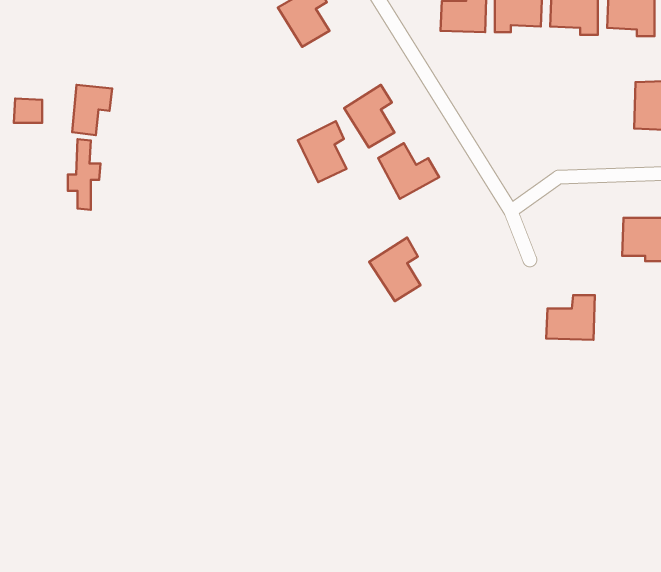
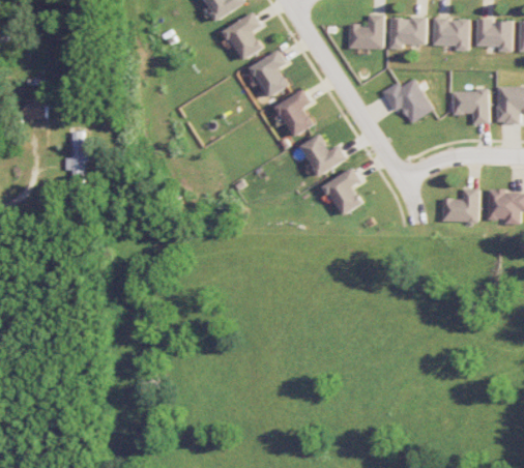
building: none -> [381,79,433,123]
building: [72,85,112,135] -> none
building: none -> [452,90,488,124]
building: [298,121,347,182] -> [251,51,288,97]
building: [369,238,421,301] -> [323,167,362,215]
building: [546,295,595,340] -> [441,188,478,223]

